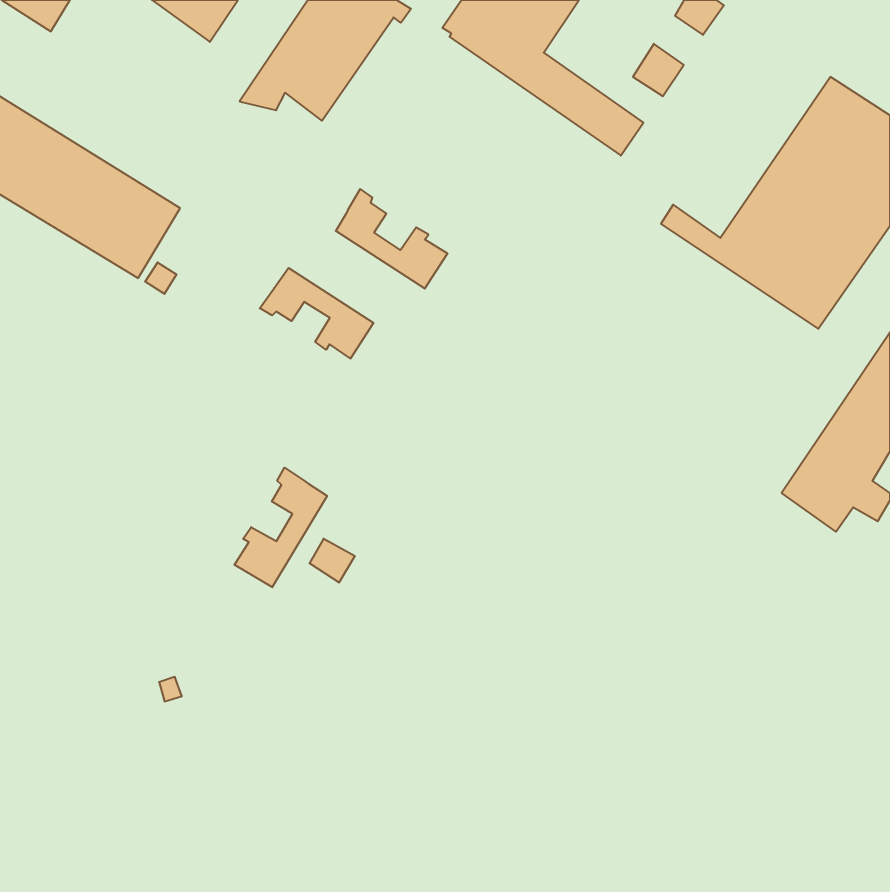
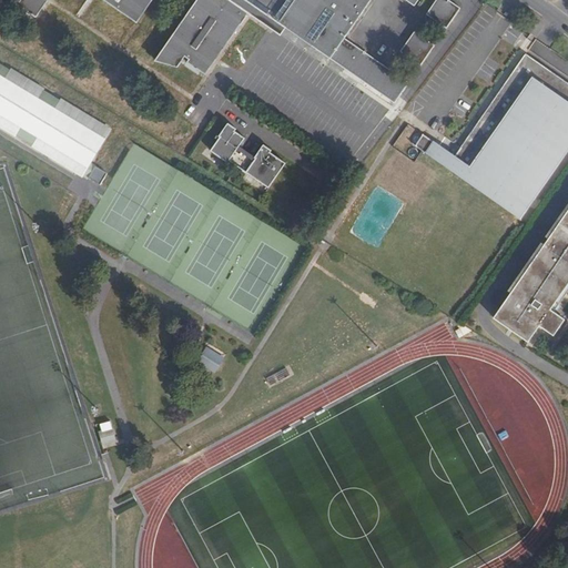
building: [260,268,373,359] -> none
building: [234,468,327,587] -> none

